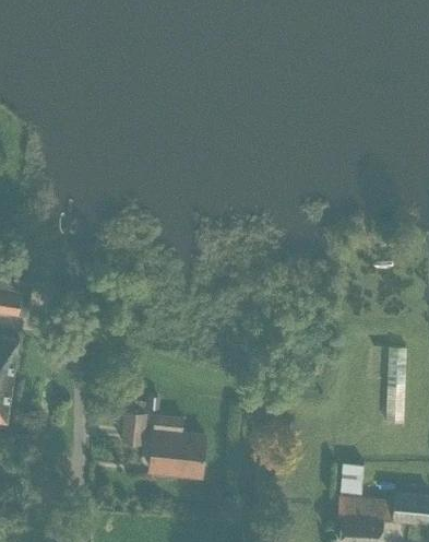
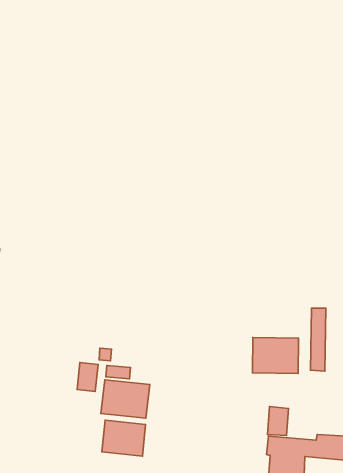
building: none -> [253,337,298,373]
building: none -> [102,420,146,456]

